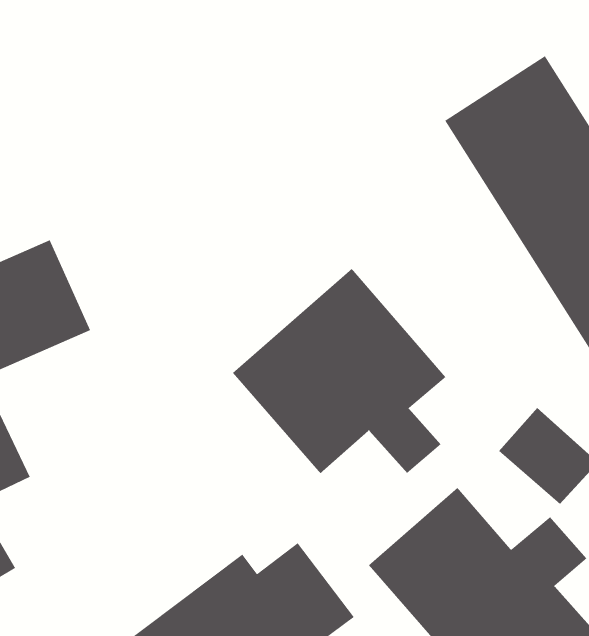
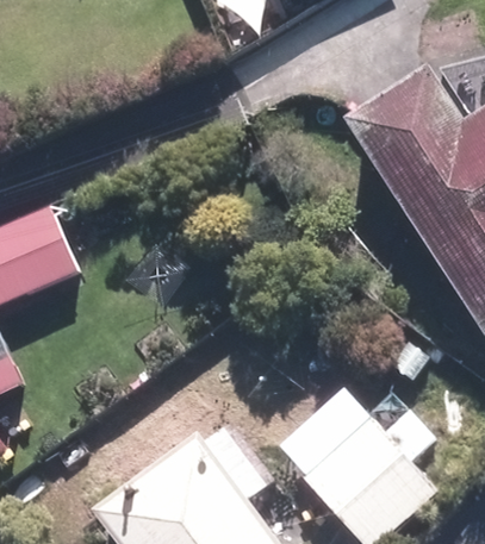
building: [232,268,446,474] -> none

